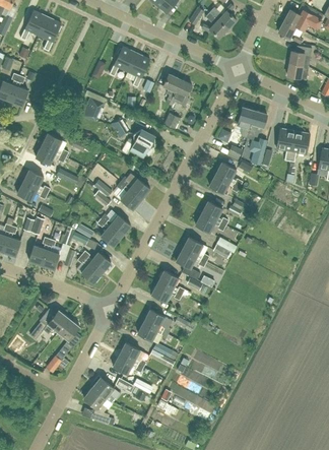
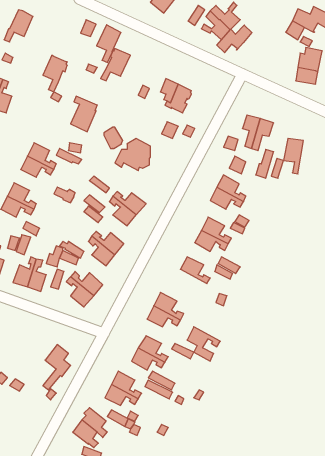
building: [39,17,61,51] -> [43,55,67,92]
building: none -> [217,25,252,53]
building: [127,53,149,87] -> [97,25,121,62]
building: [289,131,310,163] -> none
building: [176,249,206,280] -> [187,327,220,361]
building: [30,310,69,339] -> none

